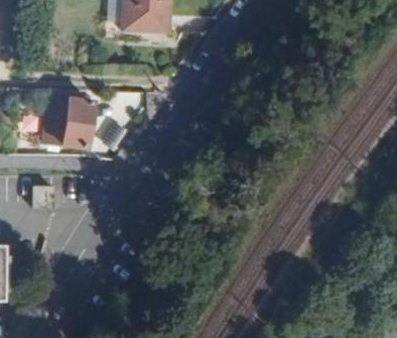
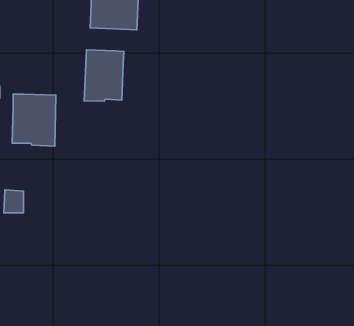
building: none -> [84,50,124,101]

